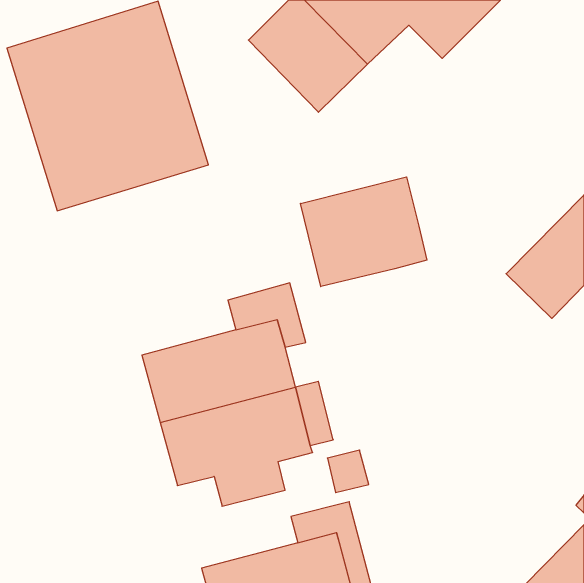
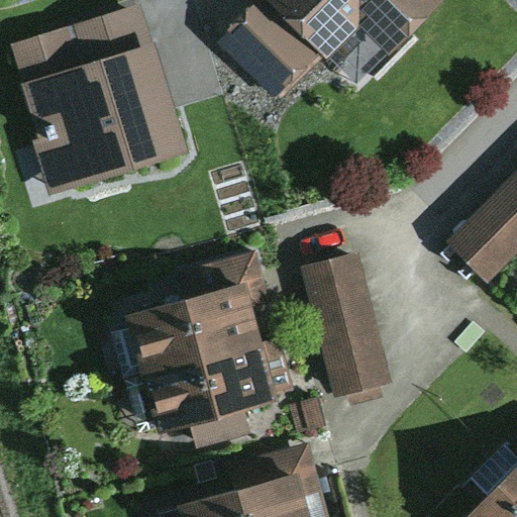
building: [300,177,427,287] -> none
building: none -> [302,253,389,408]

